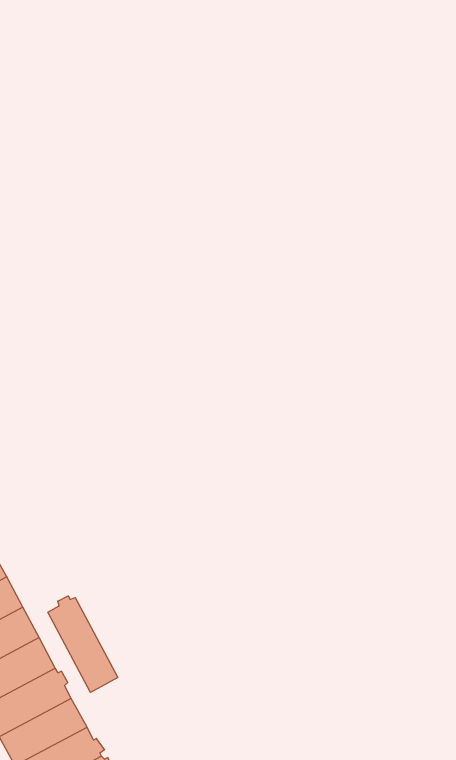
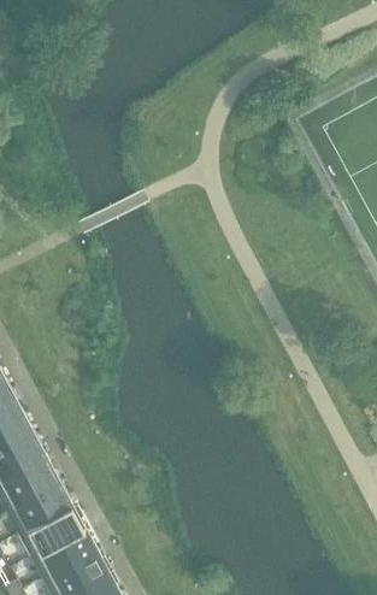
building: [48,596,118,692] -> none

